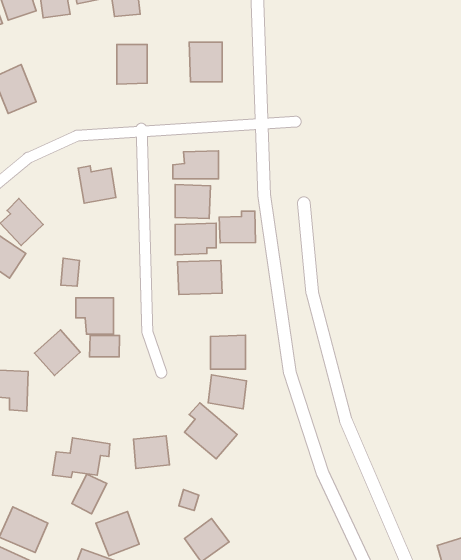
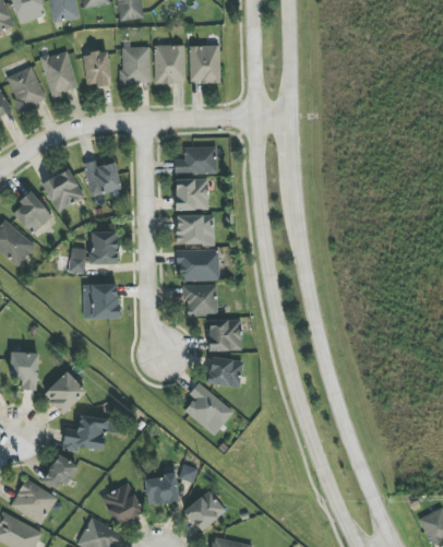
building: none -> [154,45,185,83]
building: none -> [40,50,77,95]
building: none -> [83,51,110,86]
building: none -> [41,168,84,212]
building: [219,211,256,243] -> none
building: none -> [91,231,118,264]
building: none -> [184,284,217,316]
building: [35,330,80,375] -> [44,371,86,414]
building: [90,335,120,357] -> none
building: [133,436,170,468] -> [145,474,179,504]
building: [72,474,107,514] -> [43,454,75,491]

